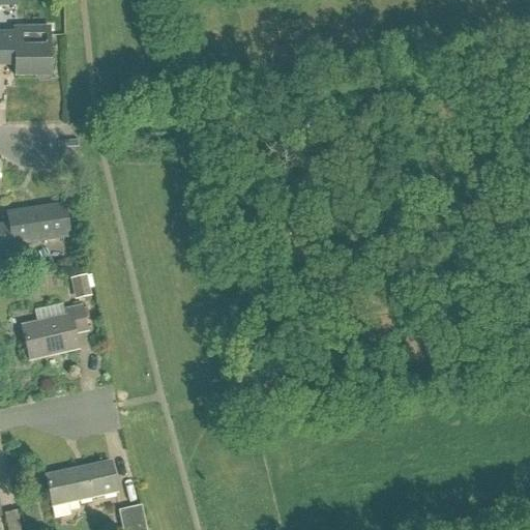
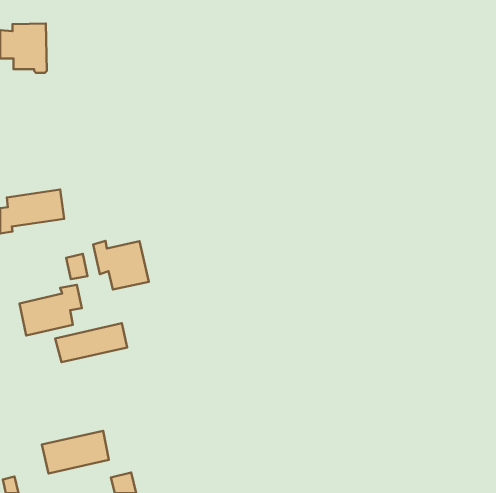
building: none -> [93,241,149,290]
building: none -> [55,323,127,362]

